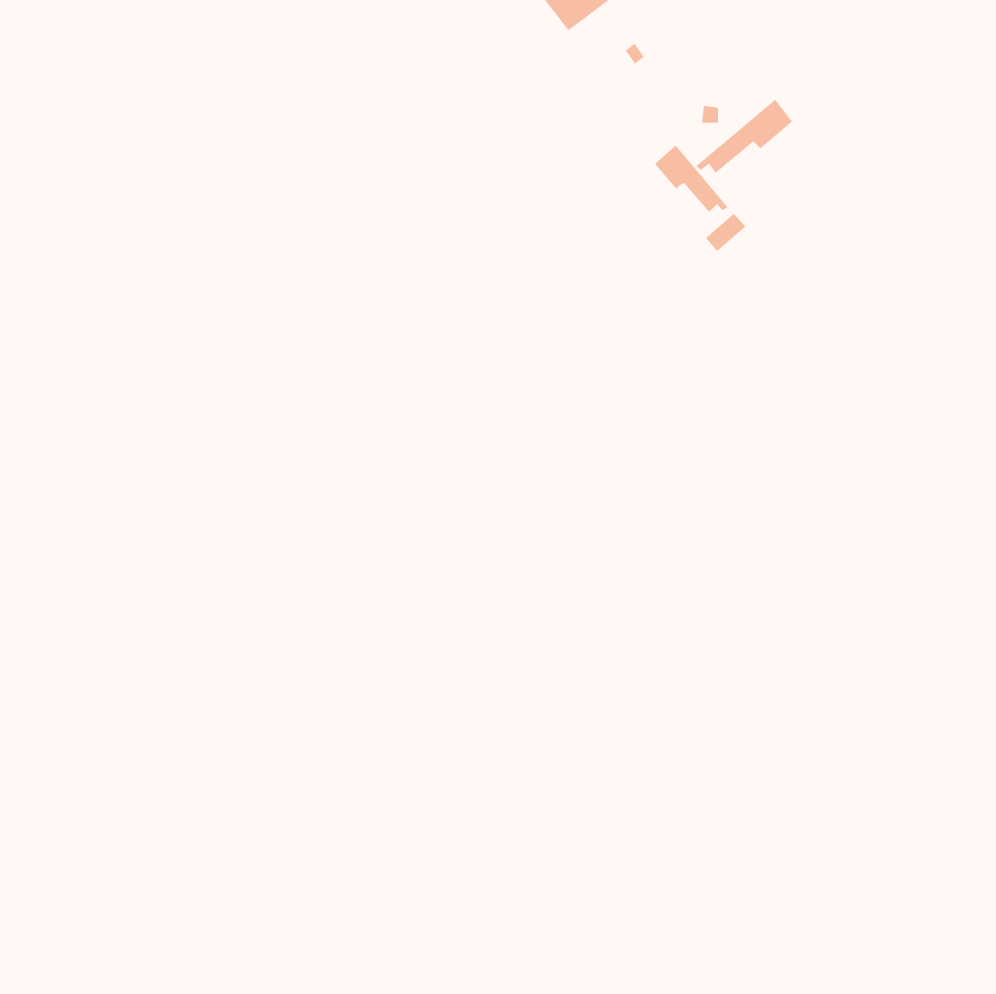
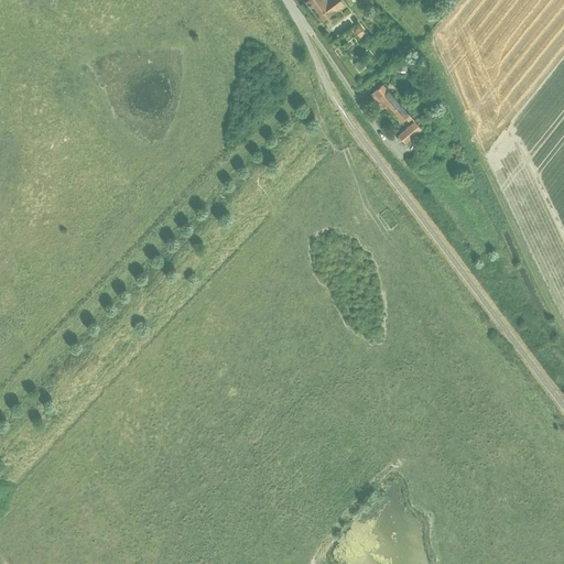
building: [695,99,793,174] -> none

